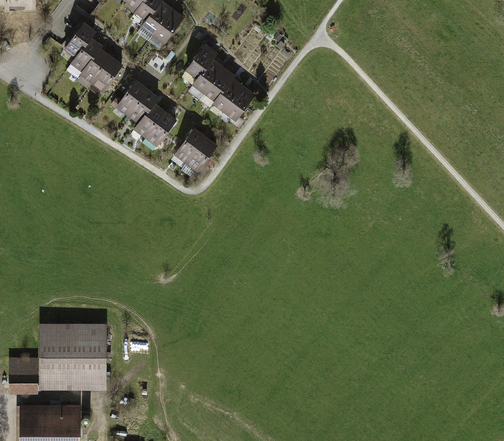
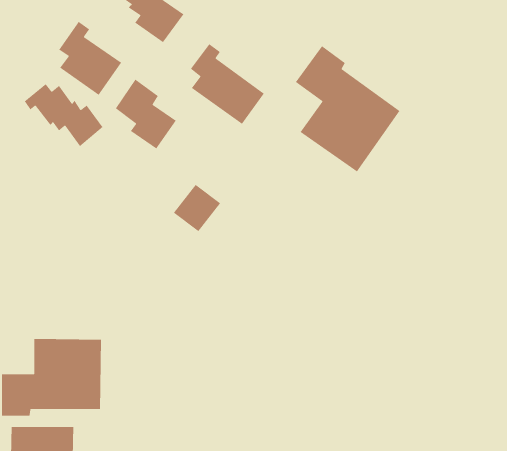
building: none -> [295,45,400,173]
building: none -> [24,83,103,147]
building: [174,126,219,171] -> [173,184,221,232]

